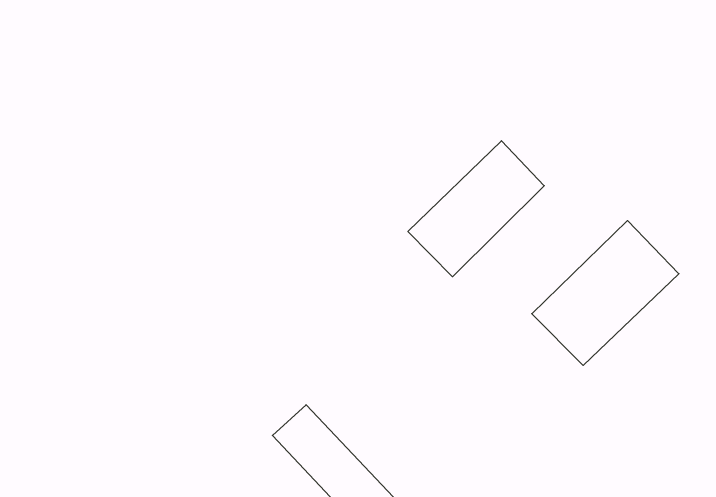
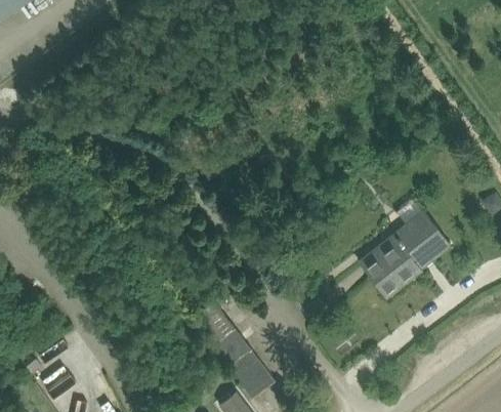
building: [408,141,544,277] -> none

